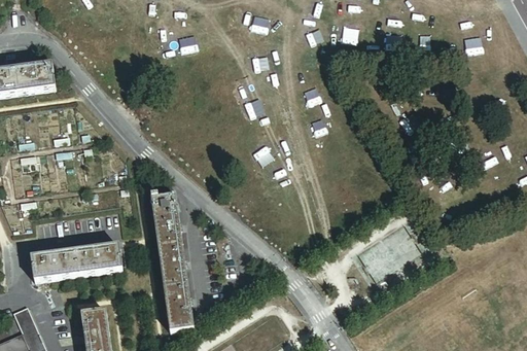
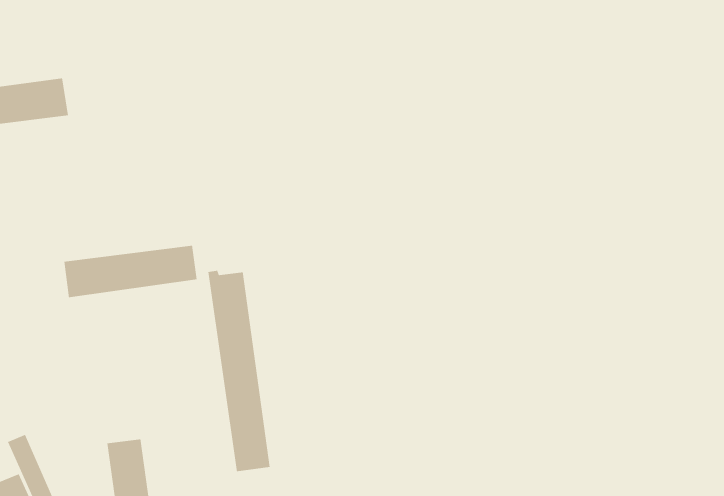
building: [31,246,122,282] -> [64,245,197,298]

